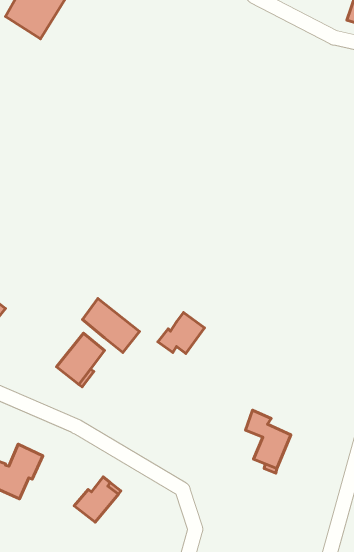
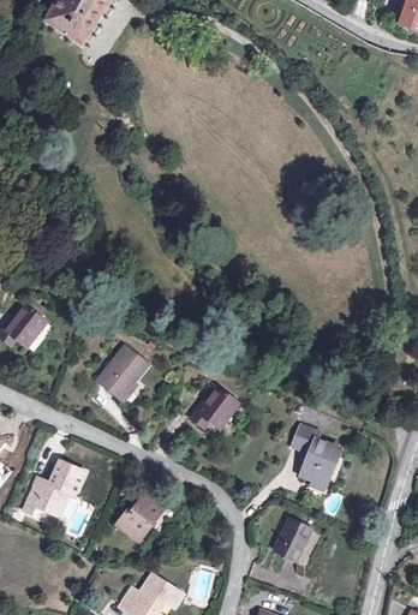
building: [82,299,139,352] -> none
building: [158,313,204,354] -> [189,387,237,429]
building: none -> [273,514,310,561]

